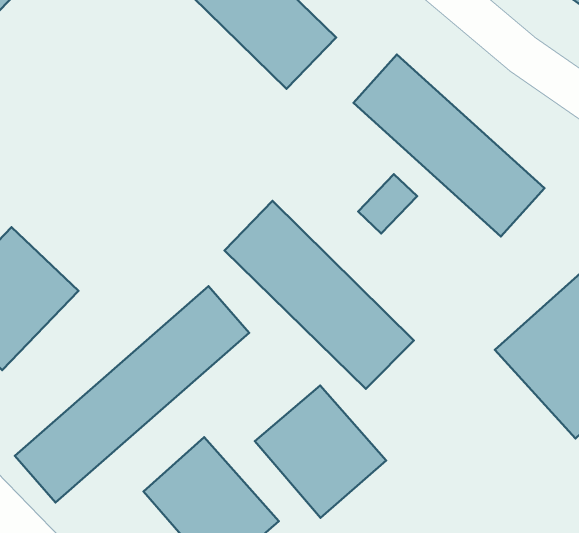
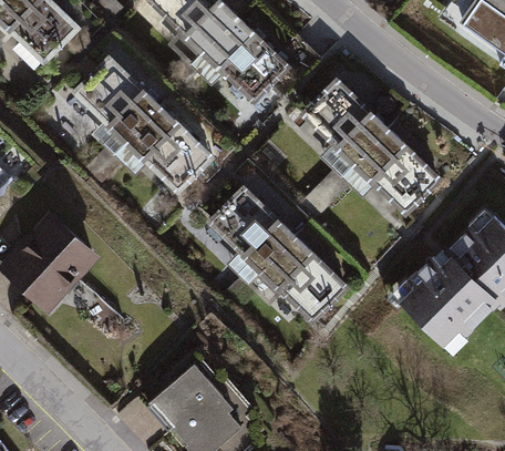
building: none -> [75,60,207,194]
building: [15,286,249,502] -> none
building: [255,385,386,518] -> none

